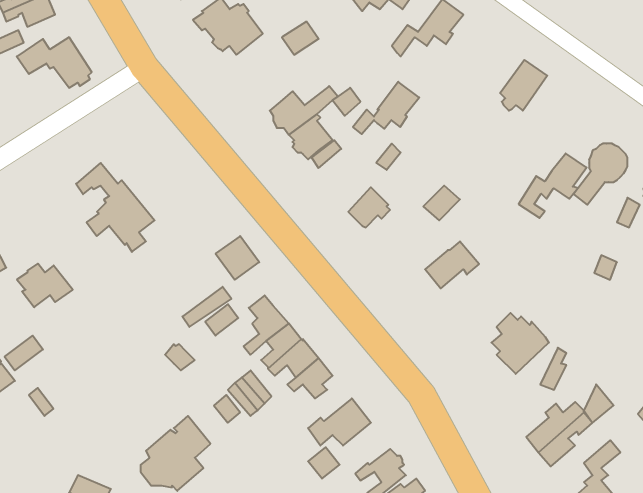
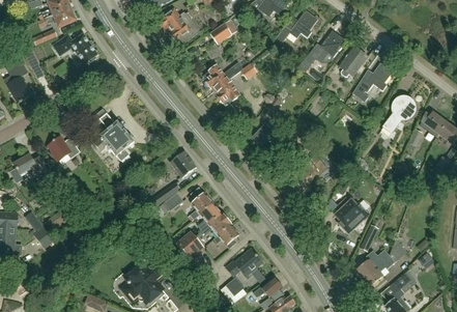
building: [353,82,419,134] -> [305,30,344,61]
building: [519,153,587,218] -> [351,63,392,102]
building: [17,264,73,307] -> [47,136,80,162]

